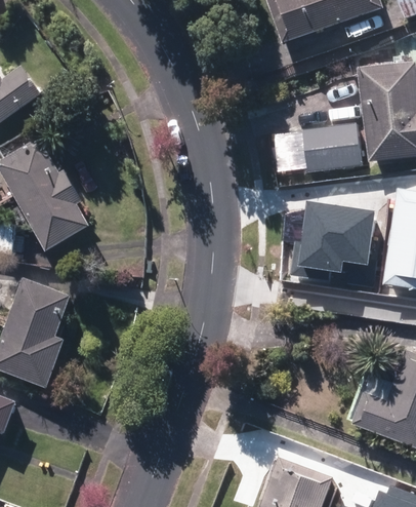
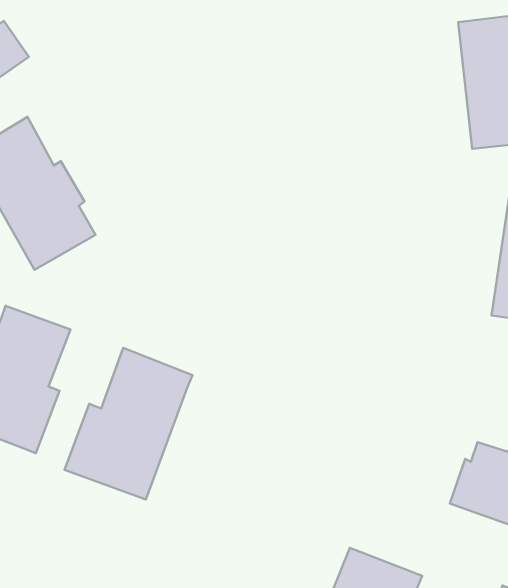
building: [303,123,362,170] -> none
building: [290,200,374,276] -> none
building: none -> [65,348,193,500]

